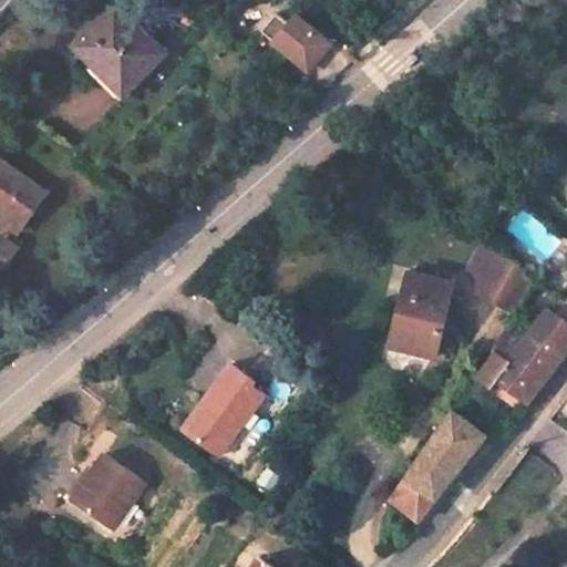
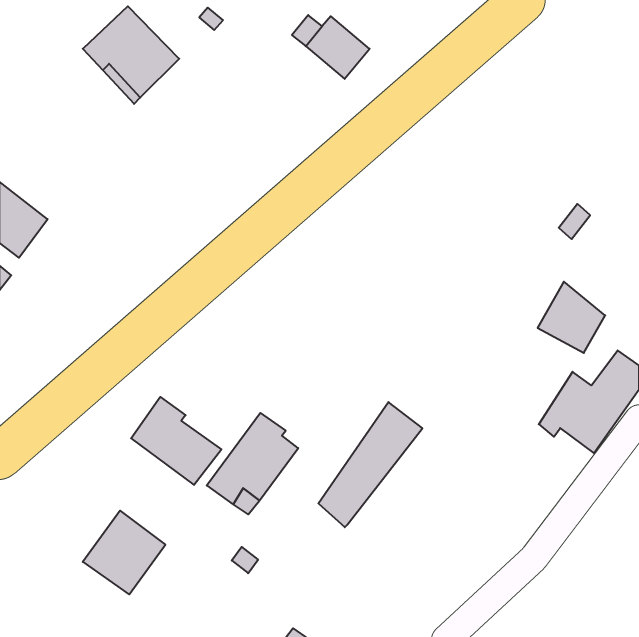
building: [393,276,450,355] -> none
building: none -> [131,397,221,485]
building: [392,412,484,523] -> [318,402,422,527]

